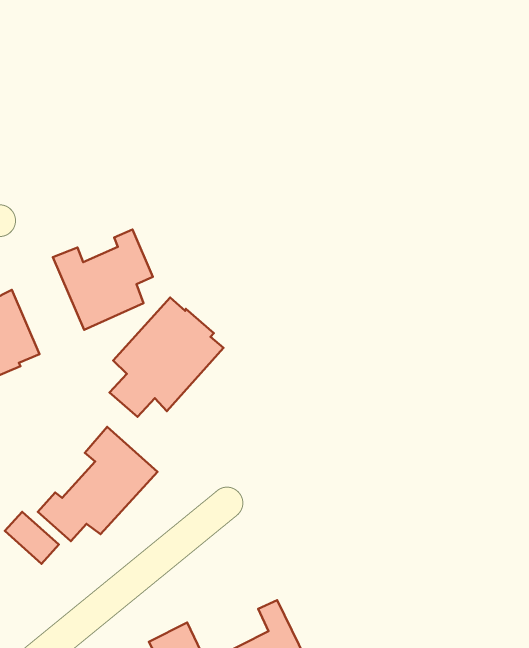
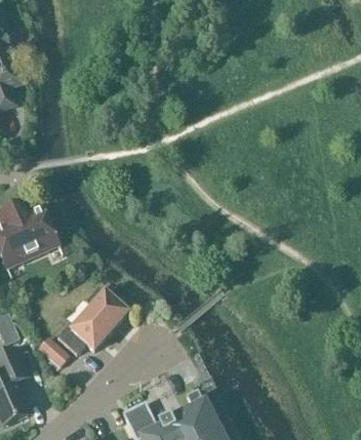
building: [53,229,153,330] -> none
building: [110,297,224,417] -> none

